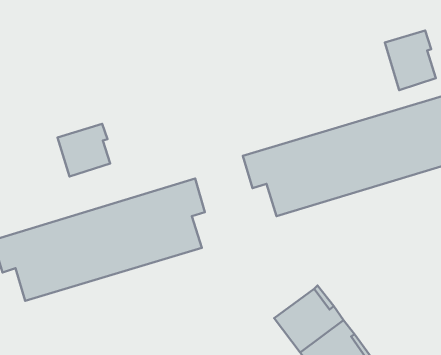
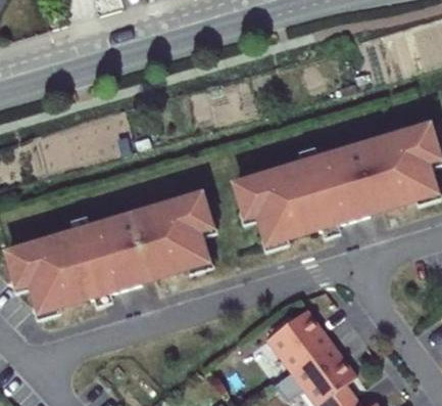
building: [385,31,436,90] -> none
building: [58,124,110,177] -> none

